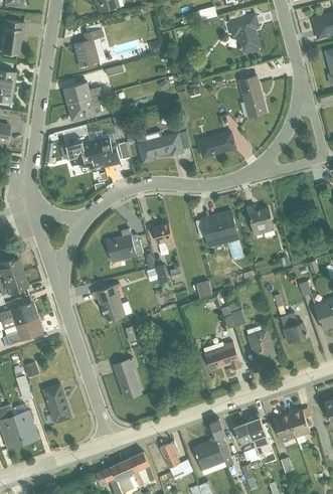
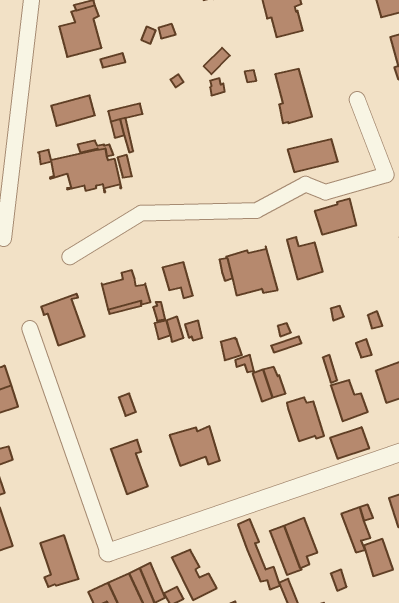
building: [63,81,102,104] -> none
building: [137,129,182,162] -> none
building: [197,131,235,156] -> [288,139,338,172]
building: none -> [315,199,356,235]
building: [93,282,126,321] -> [41,294,85,345]
building: [202,340,240,370] -> [170,426,220,466]
building: none -> [330,427,369,459]
building: [42,383,71,423] -> [40,535,79,587]
building: [274,414,296,442] -> [364,539,393,576]
building: [193,440,226,474] -> none

